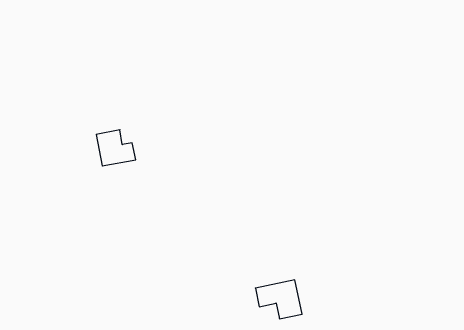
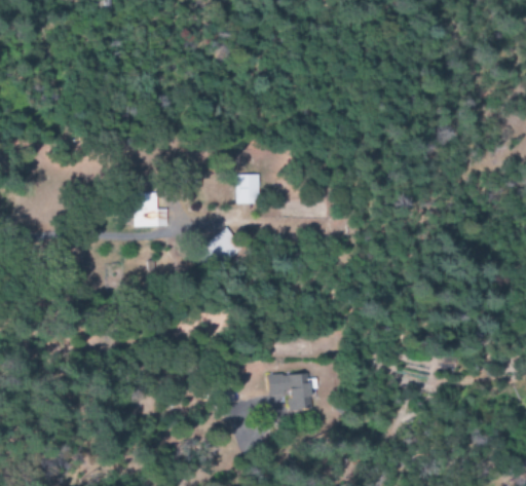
building: none -> [234,174,258,203]
building: none -> [201,228,240,266]

